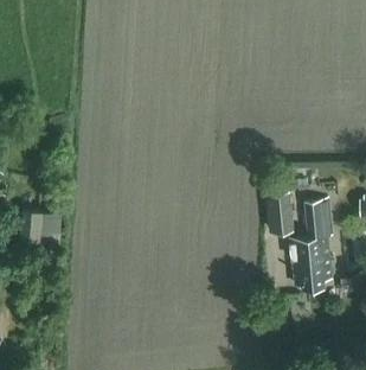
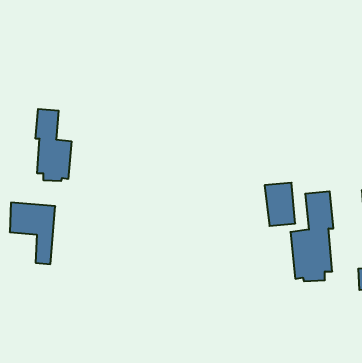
building: none -> [36,109,71,181]

